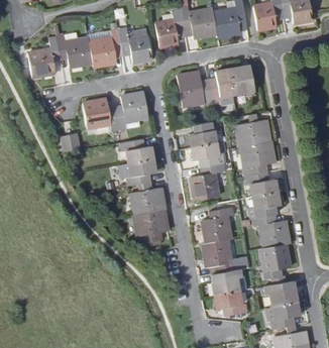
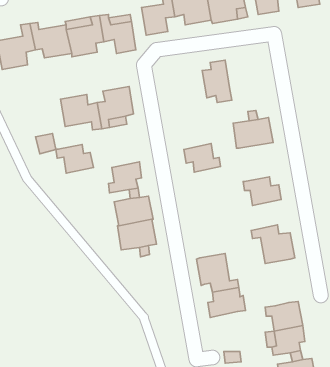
building: [228,66,254,95] -> none
building: [178,71,212,105] -> none
building: [190,120,218,147] -> none
building: [119,138,152,163] -> [56,144,94,173]
building: [240,140,275,176] -> none
building: [191,162,226,199] -> none
building: [250,192,280,219] -> none
building: [202,207,233,243] -> none
building: [257,244,290,285] -> none
building: [215,291,247,315] -> none

